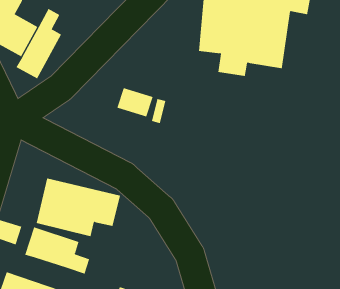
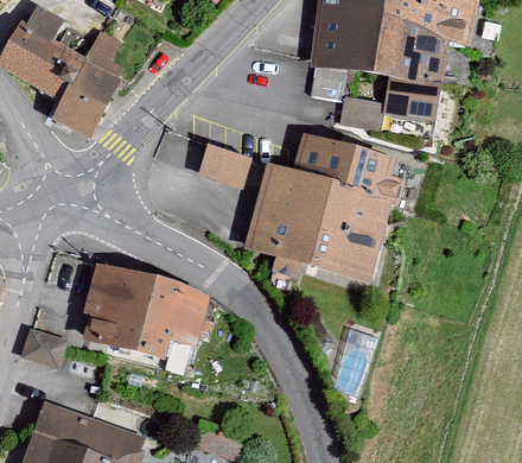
building: none -> [249,134,400,277]
building: [24,227,90,274] -> none

